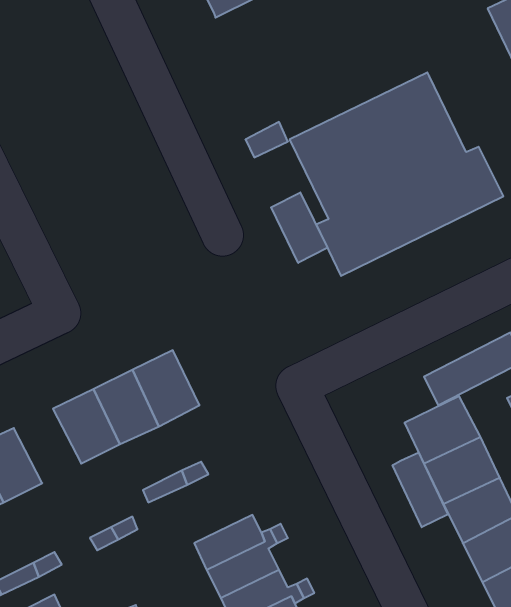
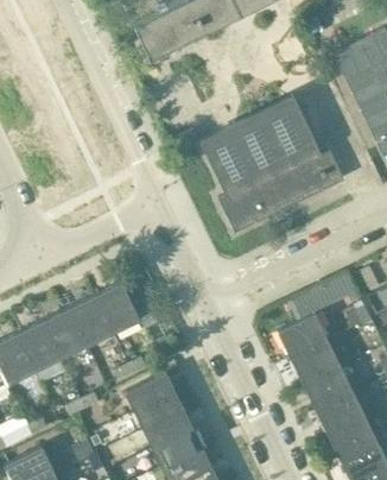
building: [271,192,327,263] -> none
building: none -> [15,322,61,372]
building: [393,452,448,527] -> none
building: none -> [126,366,182,412]

